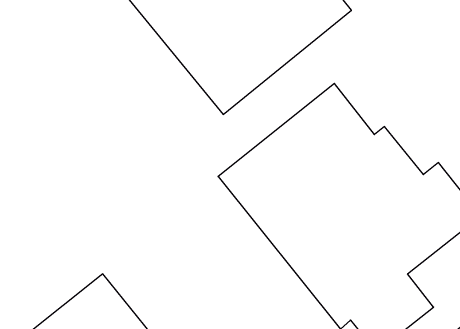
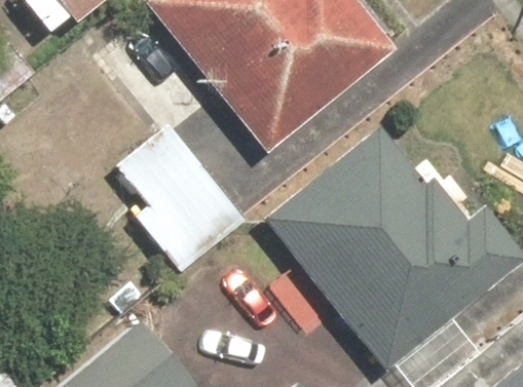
building: none -> [118,127,242,266]

